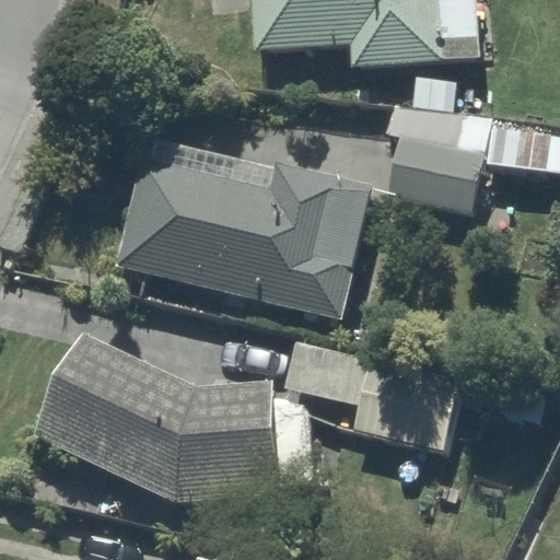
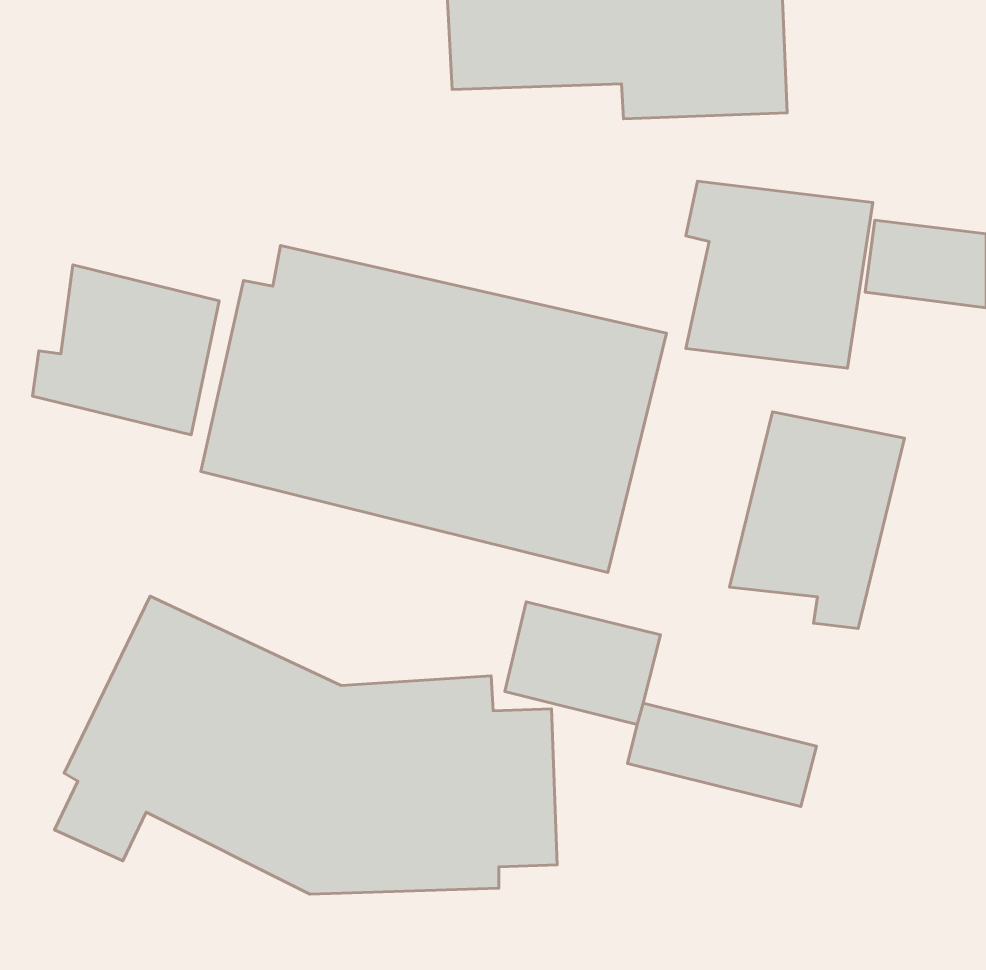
building: none -> [33,265,219,435]
building: none -> [729,412,905,629]

